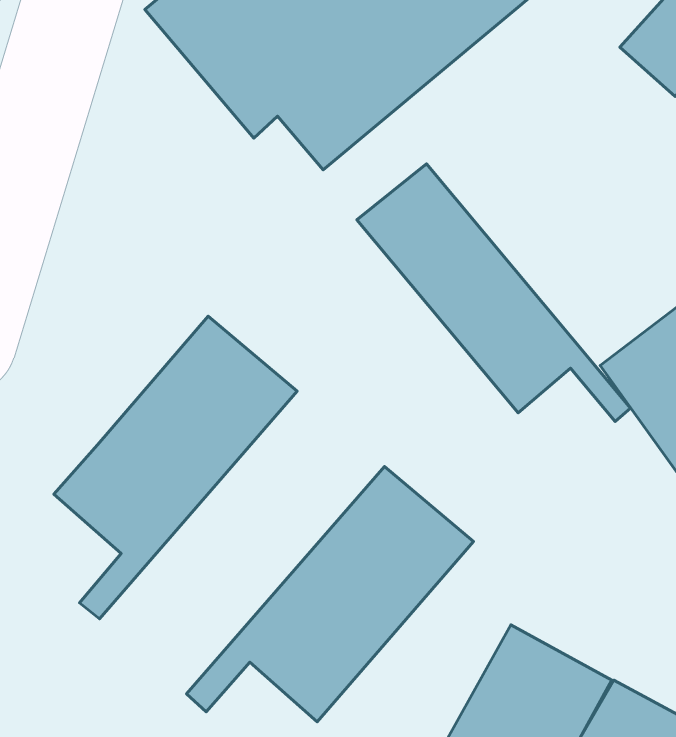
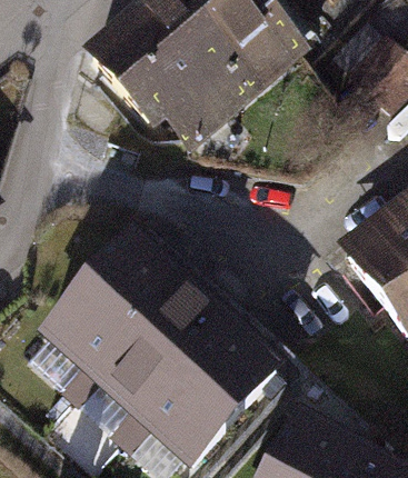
building: [357,164,631,422] -> none
building: none -> [67,270,227,440]

